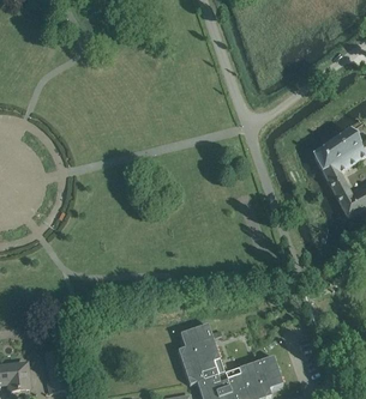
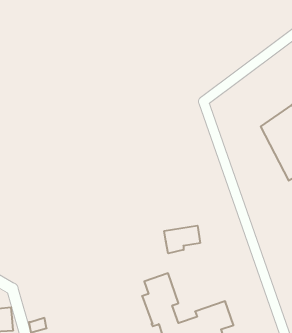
building: none -> [164,226,200,253]

